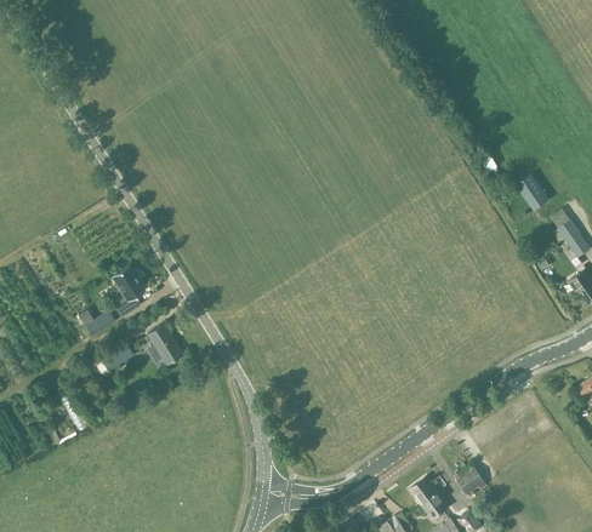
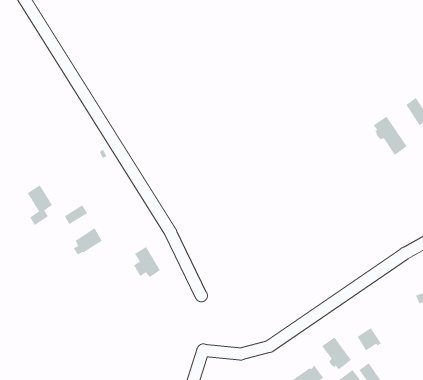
building: none -> [373,116,407,156]
building: [112,264,144,316] -> [27,185,53,226]
building: [147,324,182,364] -> [133,246,161,278]

